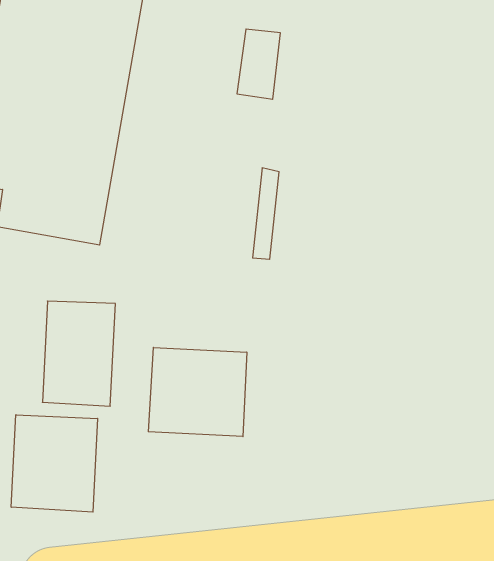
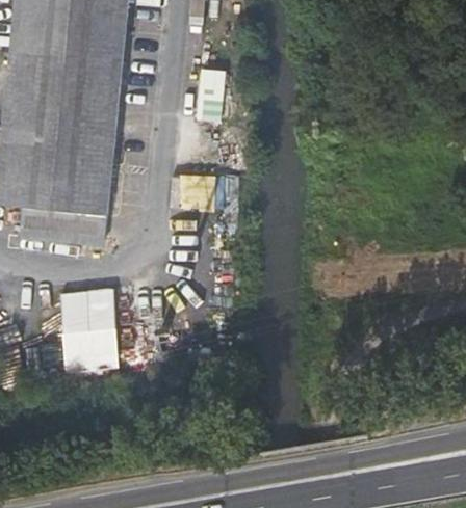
building: [148,347,247,437] -> none
building: [11,415,98,512] -> none

